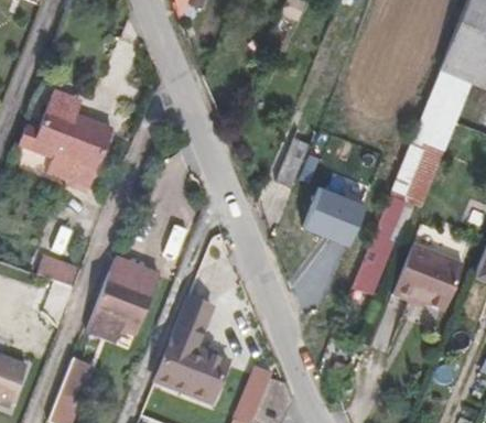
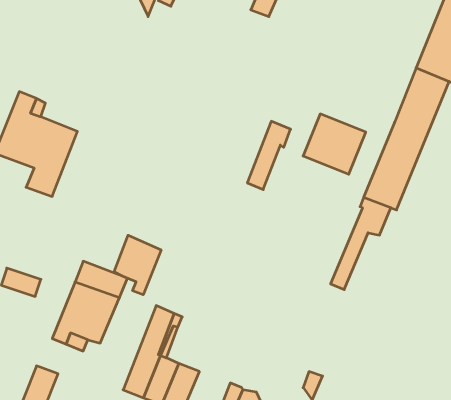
building: [304,184,365,242] -> [303,114,366,174]
building: none -> [114,235,161,295]
building: [393,243,464,310] -> none

